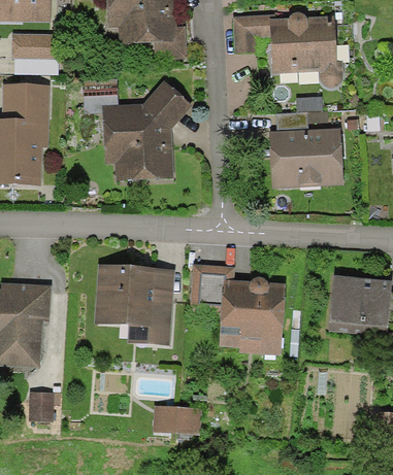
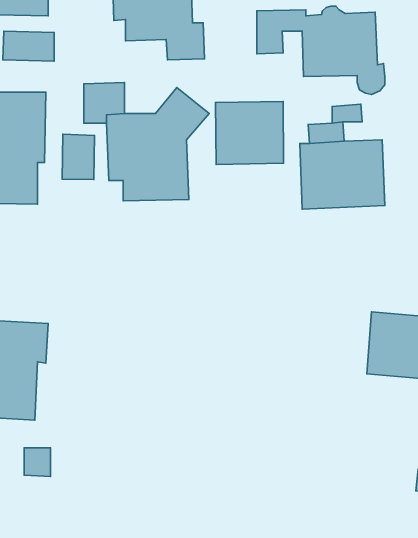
building: none -> [216,101,284,164]
building: none -> [62,134,95,179]
building: [189,264,284,352] -> none
building: [94,266,174,345] -> none
building: [153,406,200,436] -> none

